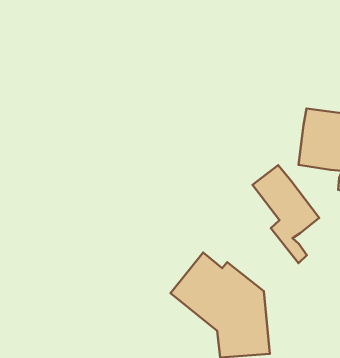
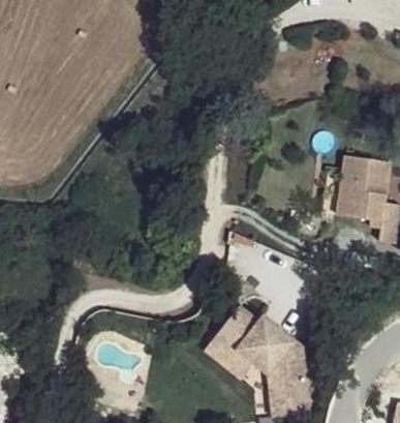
building: [252,165,319,263] -> none

